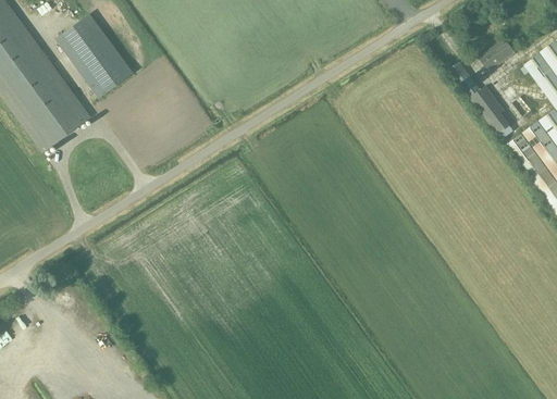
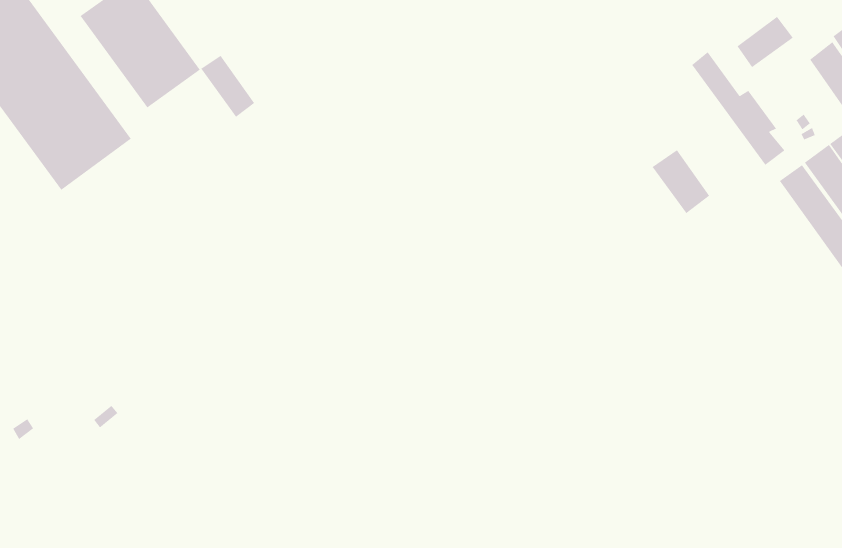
building: none -> [200,55,255,118]
building: none -> [651,149,710,214]

